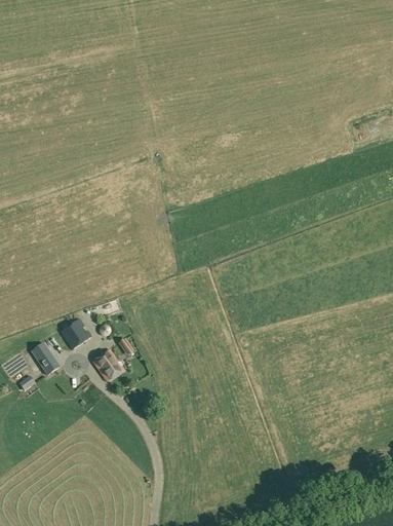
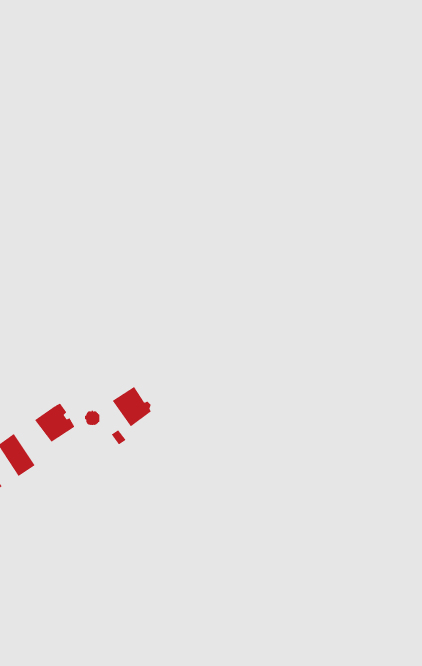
building: [92,349,123,381] -> [112,386,152,427]

